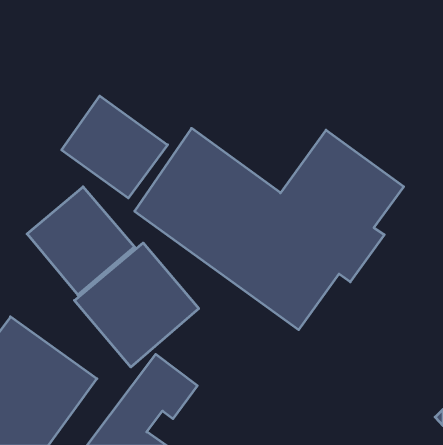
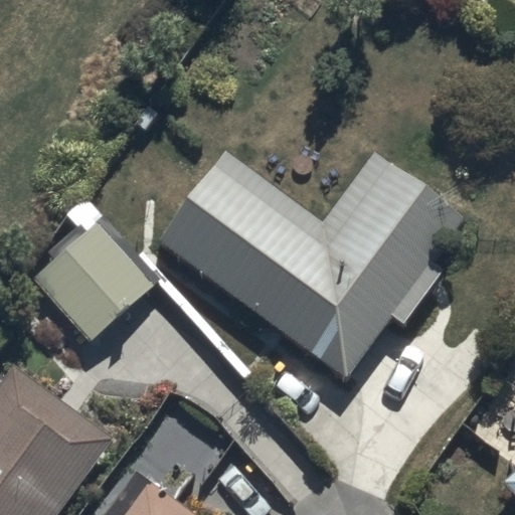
building: [62,96,168,198] -> none
building: [74,243,199,367] -> none

